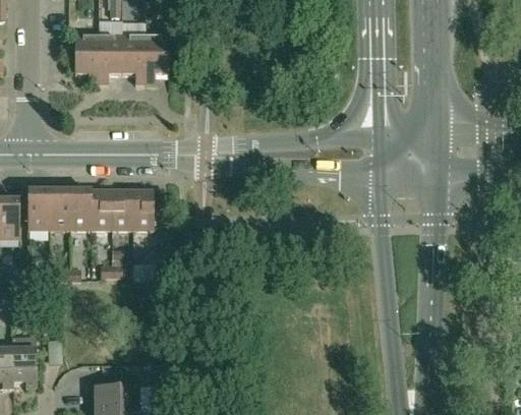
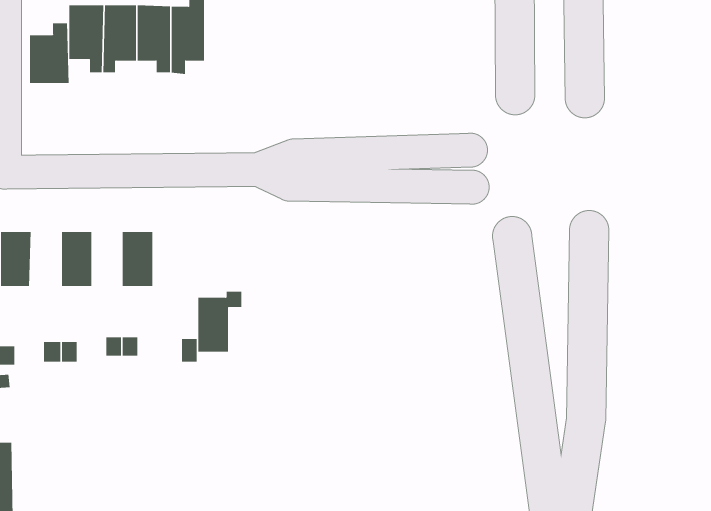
building: none -> [30,22,69,84]
building: [131,187,162,229] -> [198,291,242,352]
building: [47,191,68,229] -> none
building: [90,191,110,229] -> none

